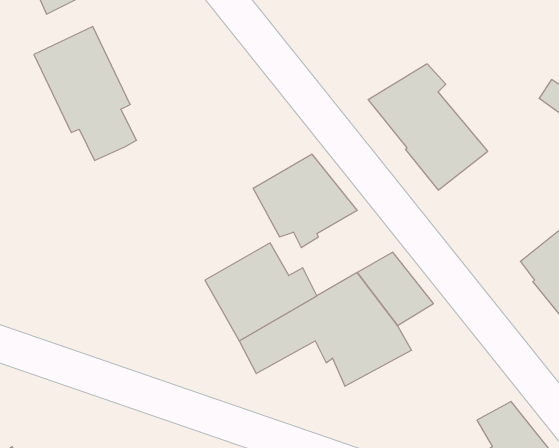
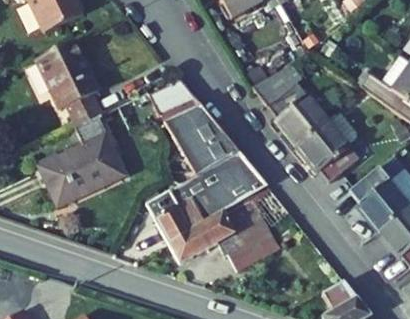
building: none -> [149,79,216,144]
building: none -> [297,108,360,182]
building: none -> [40,117,123,205]
building: none -> [189,158,268,213]

